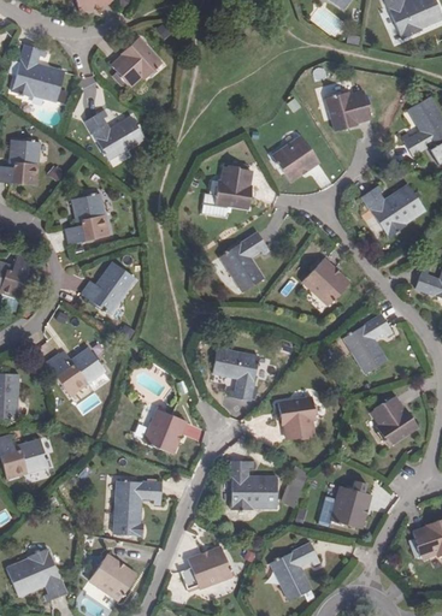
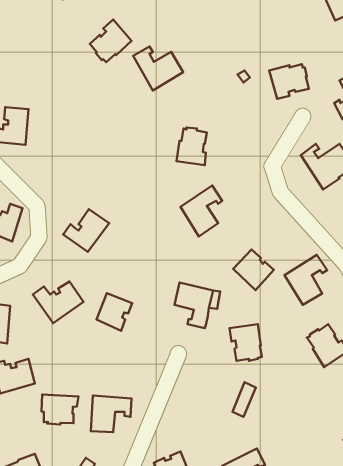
building: [12,43,64,102] -> none
building: [86,108,145,160] -> [133,47,183,90]
building: [271,135,319,180] -> none
building: [66,194,108,243] -> none
building: [301,257,349,306] -> [233,250,274,290]
building: [143,409,185,454] -> [97,293,132,331]
building: [230,461,276,510] -> none
building: none -> [41,395,78,425]
building: [330,485,370,528] -> none

